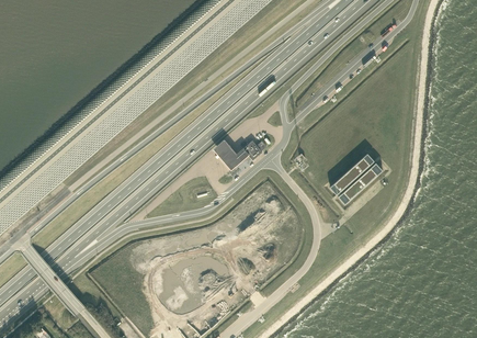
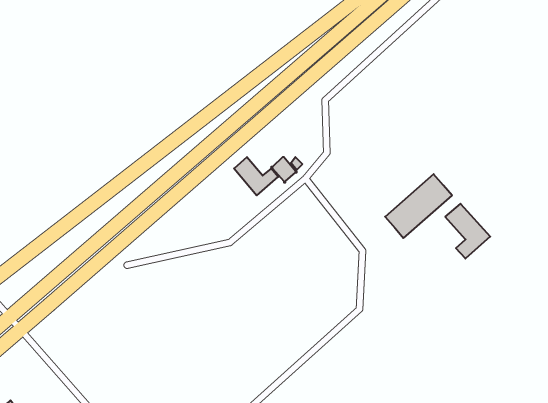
building: none -> [445,204,490,259]

